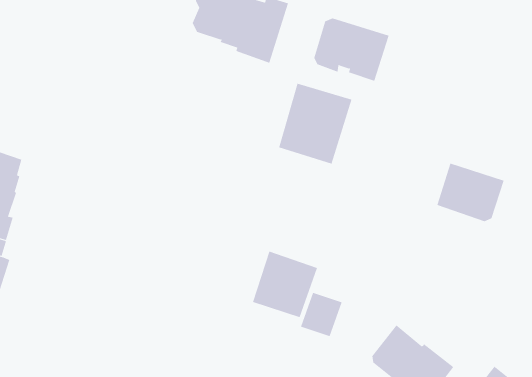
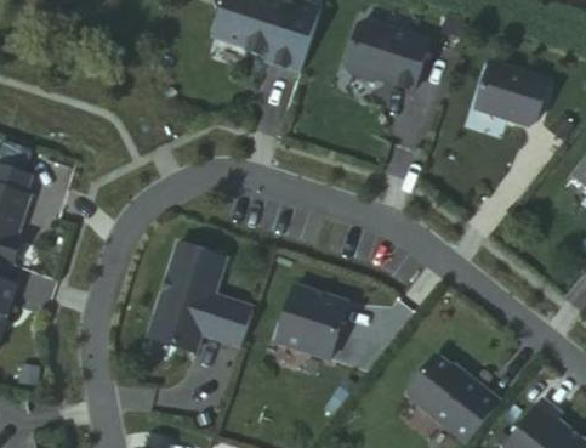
building: [279,83,352,164] -> none
building: [436,163,504,222] -> [474,62,548,126]
building: none -> [150,233,256,342]

